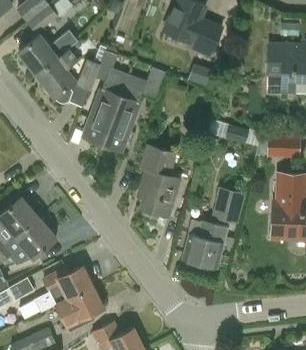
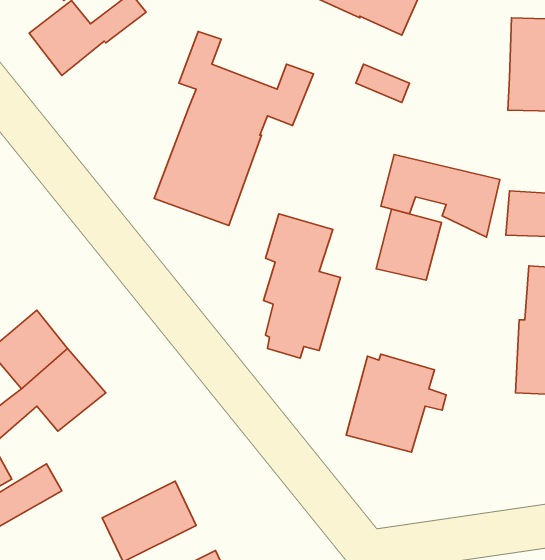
building: [34,41,106,107] -> none
building: [210,187,244,224] -> [376,209,441,280]
building: [34,265,93,311] -> none

